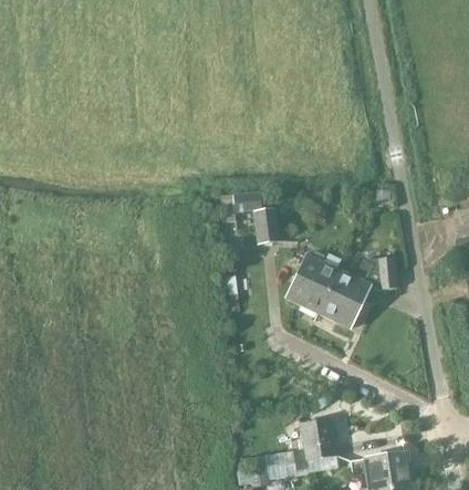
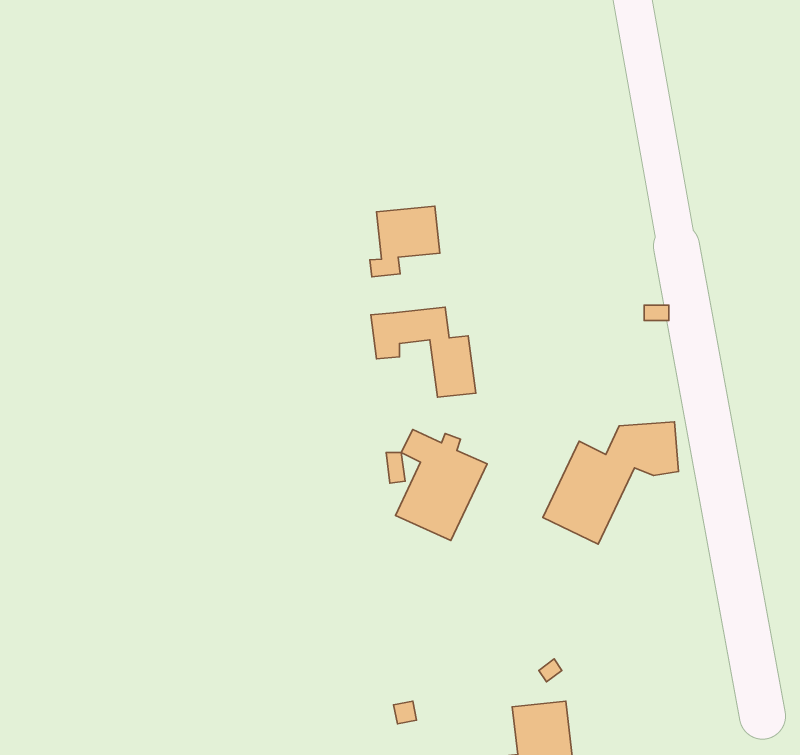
building: none -> [370,206,440,277]
building: [286,248,340,312] -> [396,430,487,540]

